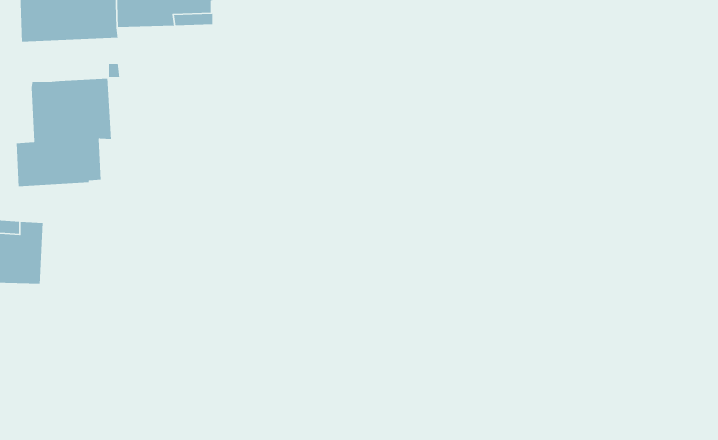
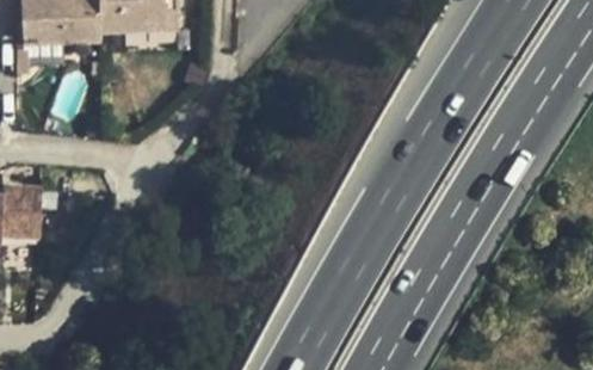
building: [16,78,112,187] -> none

